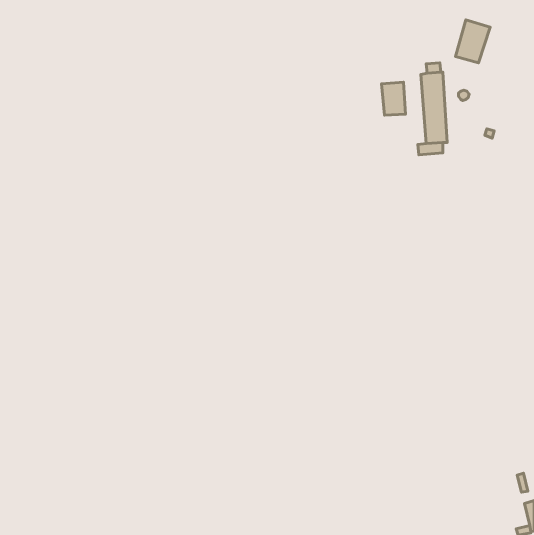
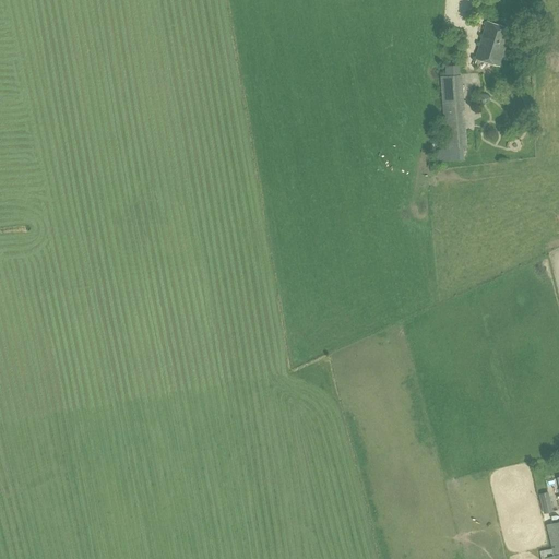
building: [382,82,406,115] -> none

